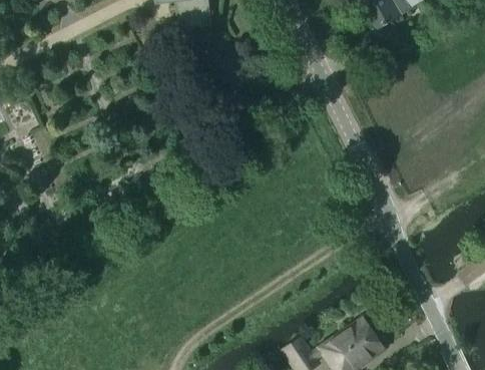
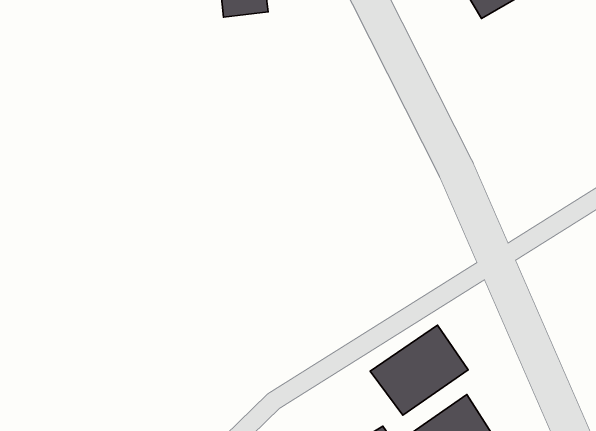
building: none -> [370,325,468,415]

